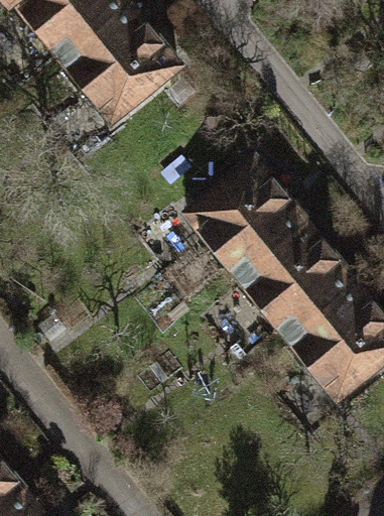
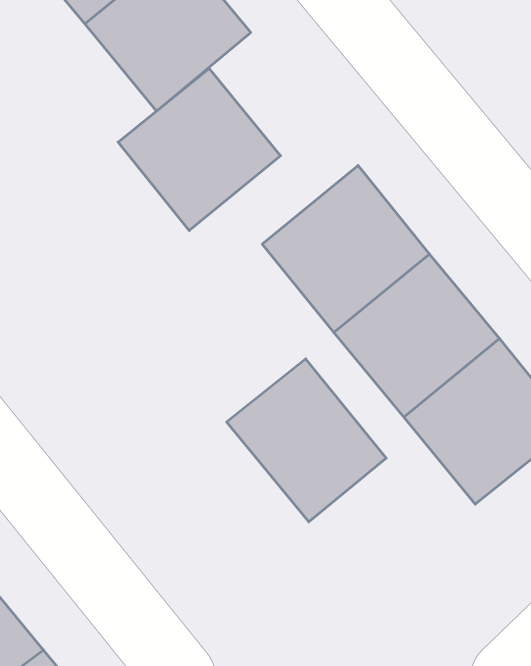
building: none -> [118,69,281,231]
building: none -> [227,359,386,522]

